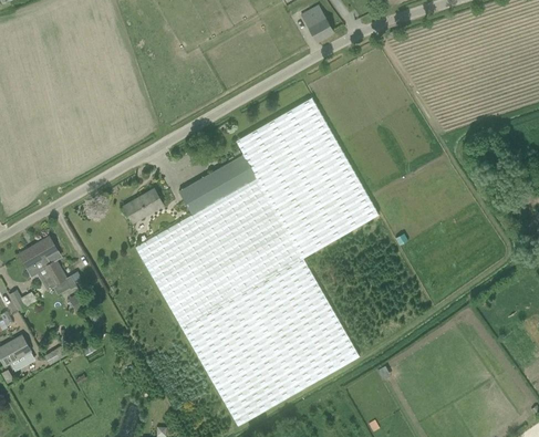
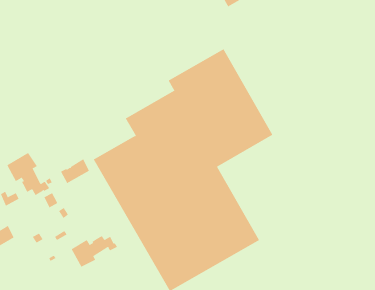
building: [123,188,163,222] -> [60,158,90,184]
building: none -> [71,235,118,268]

